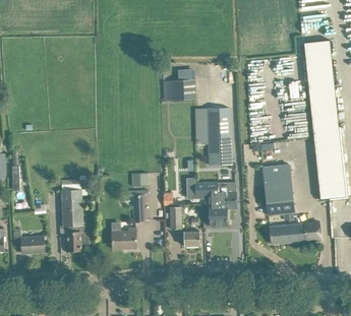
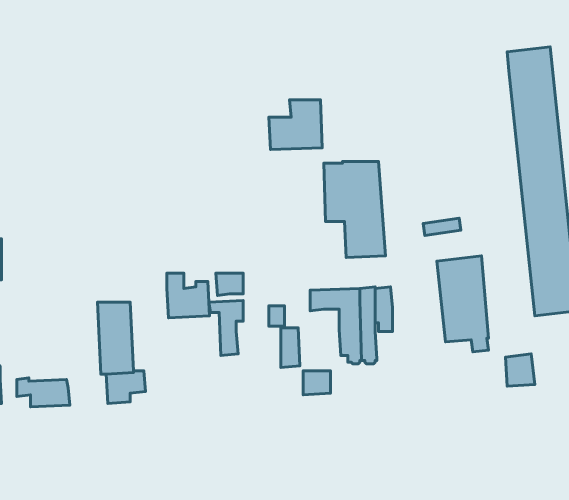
building: [111,223,136,249] -> [167,273,210,318]
building: [269,224,304,244] -> none

